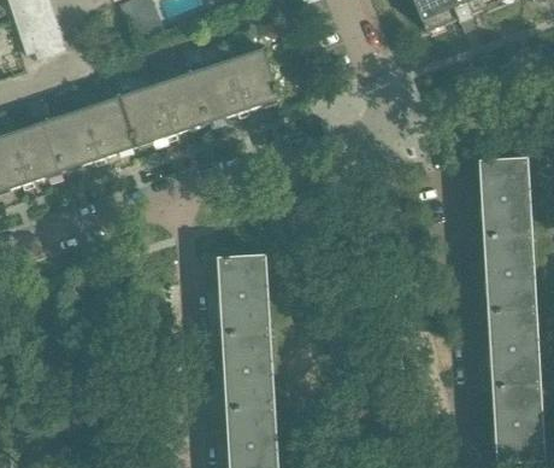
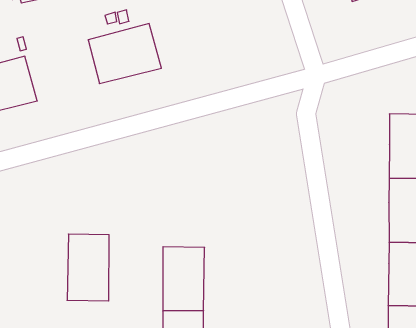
building: [188,47,277,123] -> none
building: [43,95,134,171] -> none
building: [218,253,271,334] -> [67,234,109,301]

